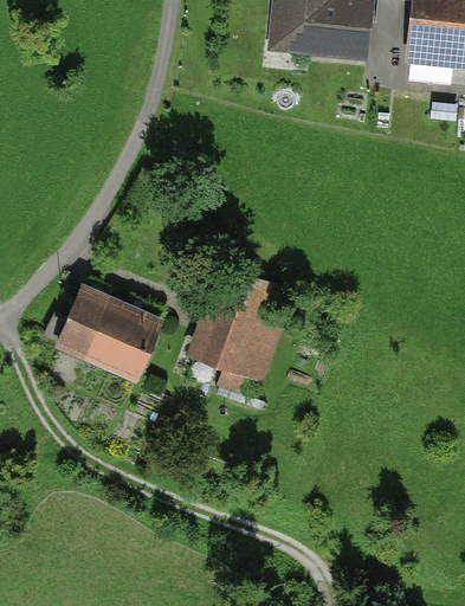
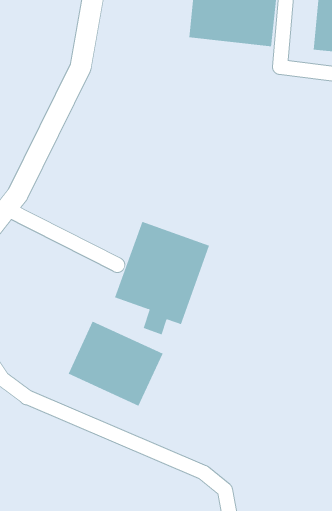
building: [54,283,166,382] -> [68,321,163,406]

